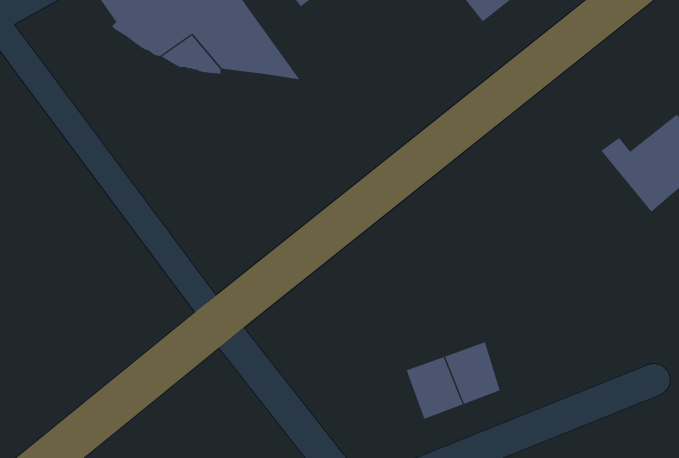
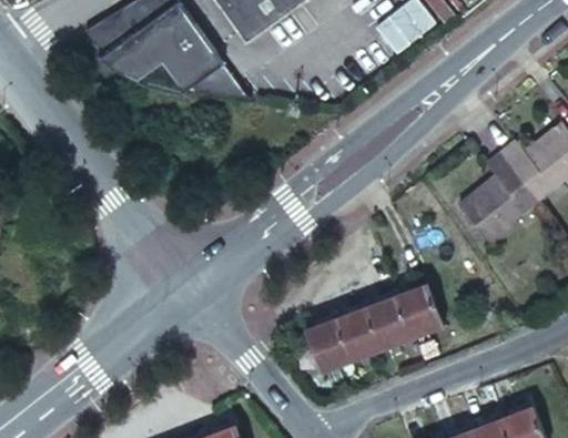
building: none -> [450,155,534,252]
building: none -> [399,299,440,349]
building: none -> [307,333,349,383]

